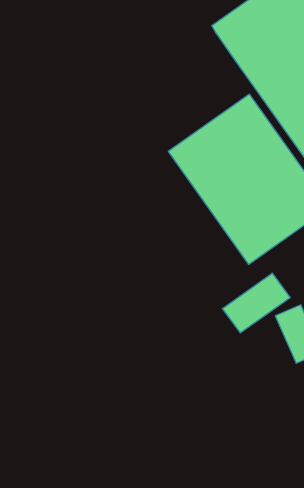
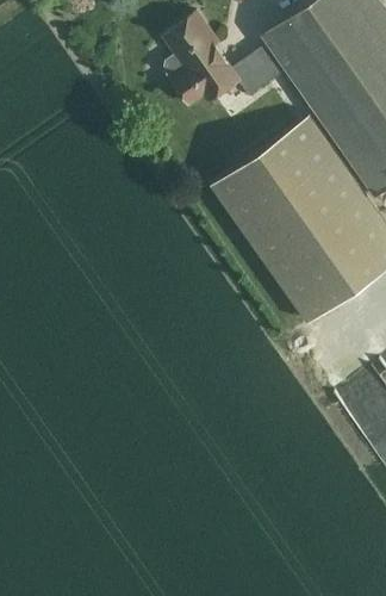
building: none -> [163,13,288,106]
building: [223,273,290,333] -> none

